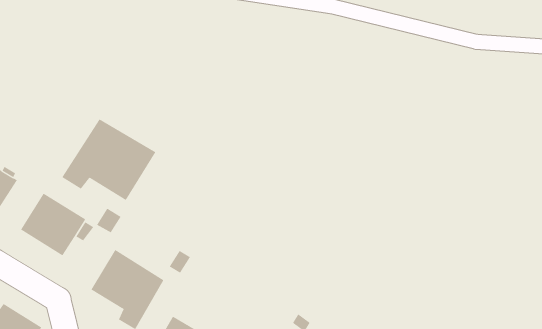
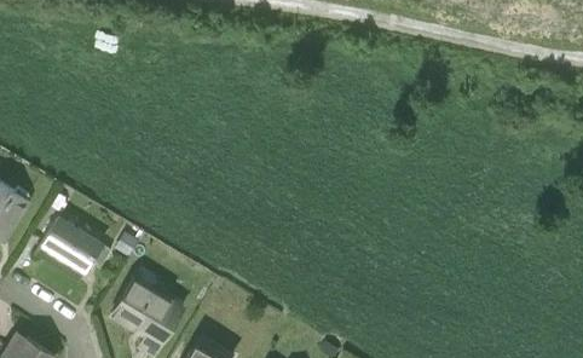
building: [62,118,156,201] -> none

